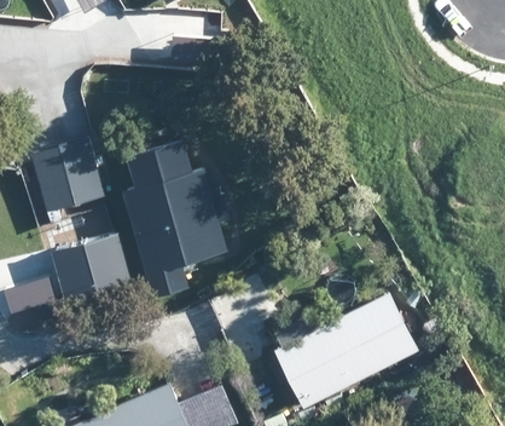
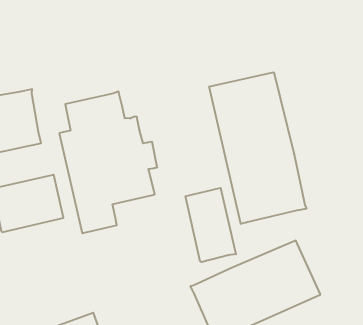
building: none -> [209,72,306,224]
building: none -> [185,188,236,262]

